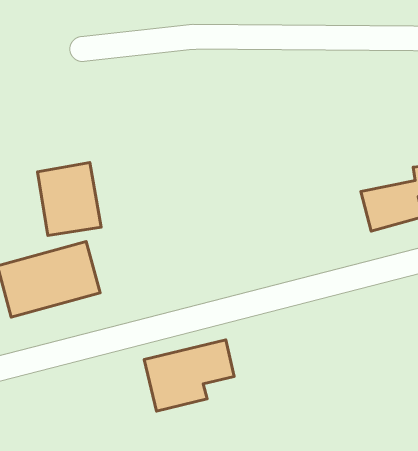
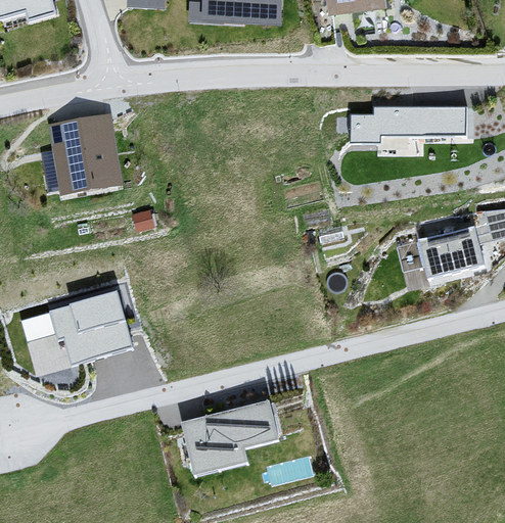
building: none -> [350,106,466,144]
building: [37,162,101,236] -> [51,113,121,193]

